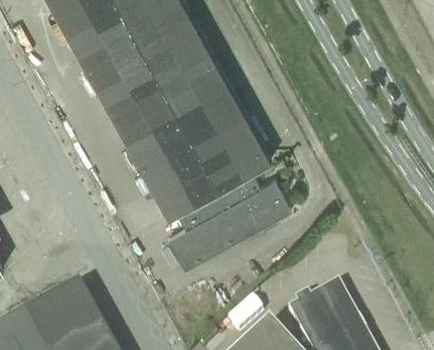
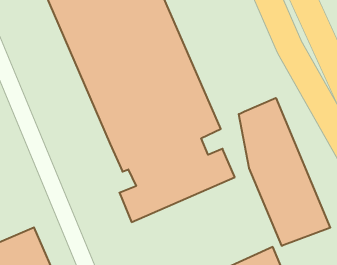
building: none -> [239,98,330,246]

